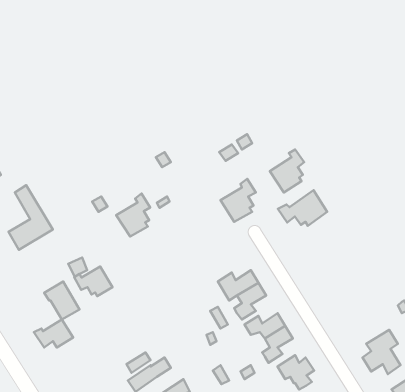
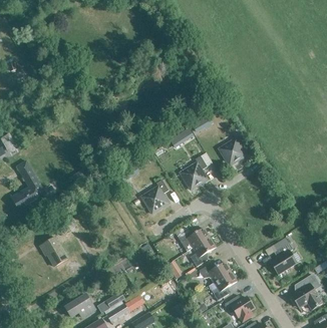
building: [278,190,327,226] -> none
building: [116,193,150,237] -> [140,180,168,214]
building: [74,267,112,296] -> none
building: none -> [270,239,295,274]
building: [34,320,73,348] -> [63,295,94,317]

